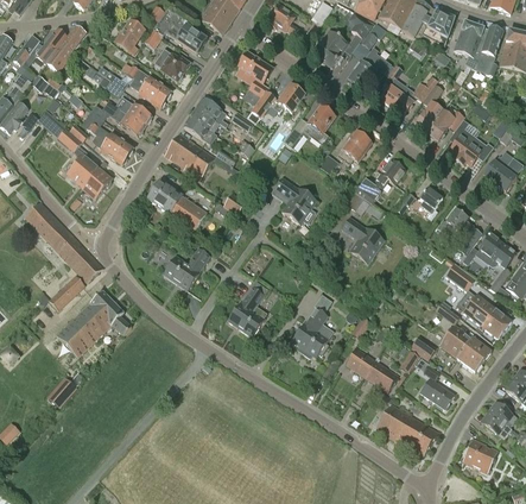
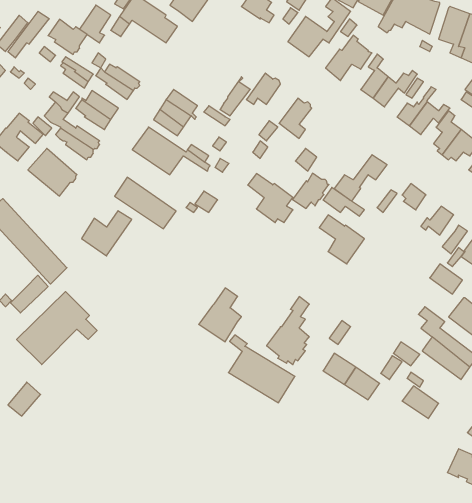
building: [153,48,190,81] -> [48,19,87,54]
building: [237,51,272,105] -> none
building: [336,131,370,164] -> [292,173,329,208]
building: [163,247,210,290] -> [82,211,132,256]
building: [375,392,438,456] -> [228,335,295,403]

